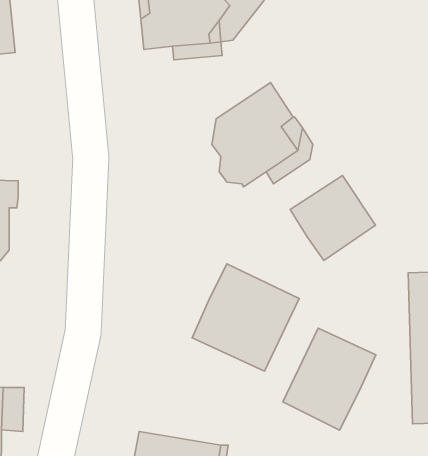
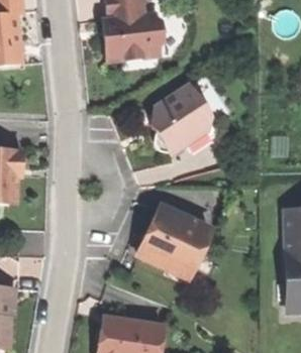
building: [290,176,376,260] -> none
building: [283,328,376,430] -> none

